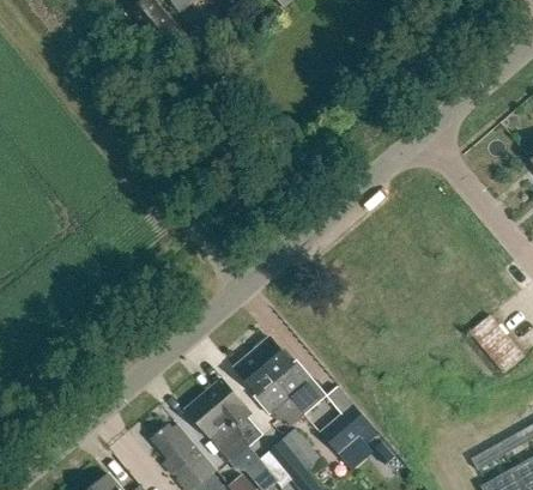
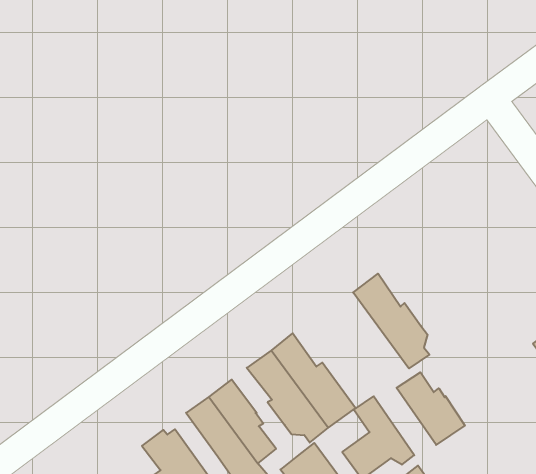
building: none -> [353,274,429,368]
building: none -> [397,372,465,445]

